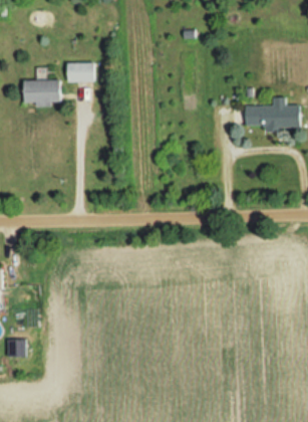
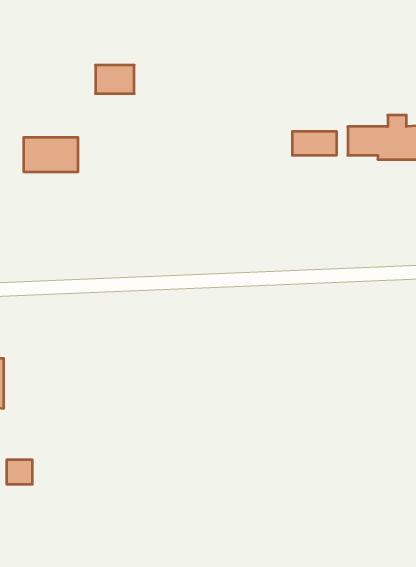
building: [23,80,61,104] -> [24,137,78,172]
building: none -> [292,131,336,155]

